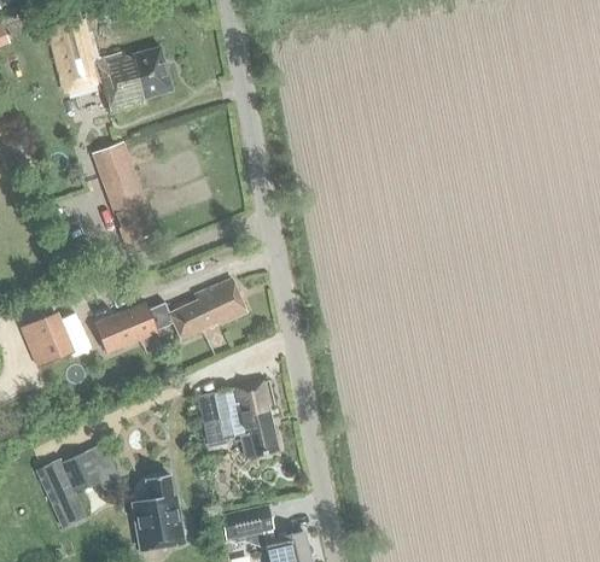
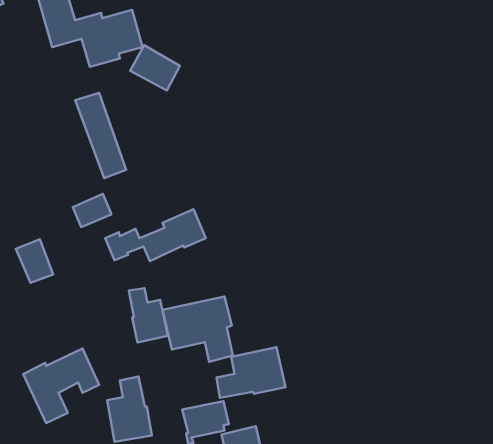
building: none -> [130,45,180,91]
building: [95,315,140,353] -> [73,194,111,227]
building: none -> [129,288,168,343]
building: none -> [216,347,285,398]

